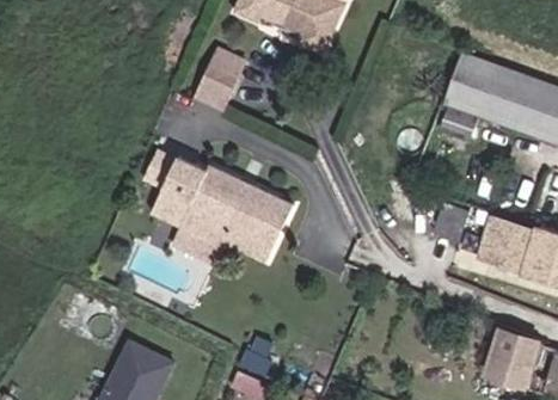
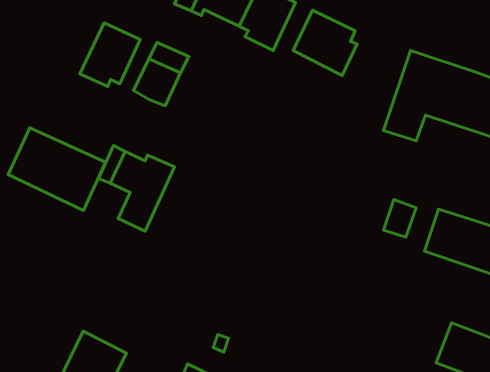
building: none -> [293,10,357,75]
building: none -> [80,23,140,86]
building: none -> [8,128,105,210]
building: [194,172,288,260] -> none

